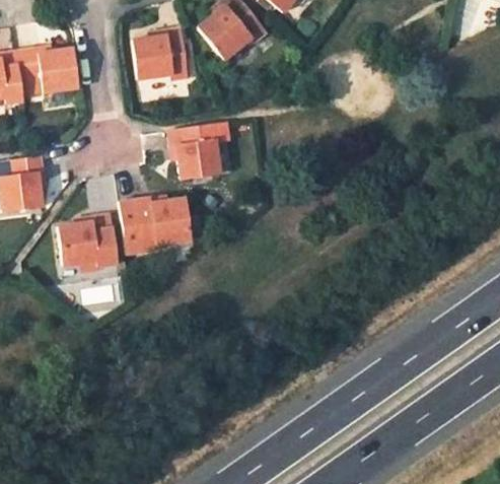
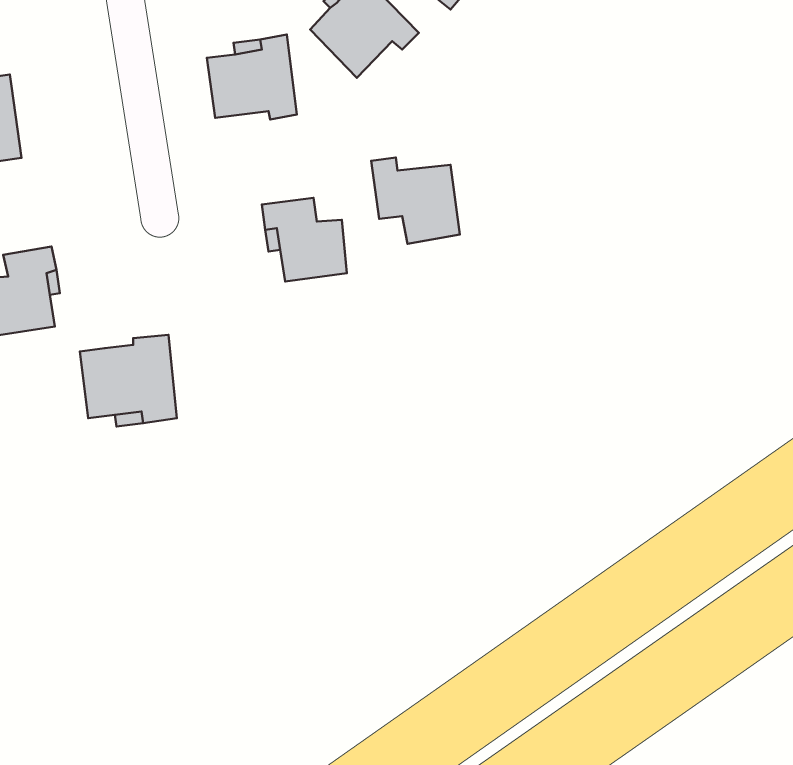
building: [20,45,74,87] -> none
building: none -> [371,157,460,244]
building: [120,197,193,253] -> none

